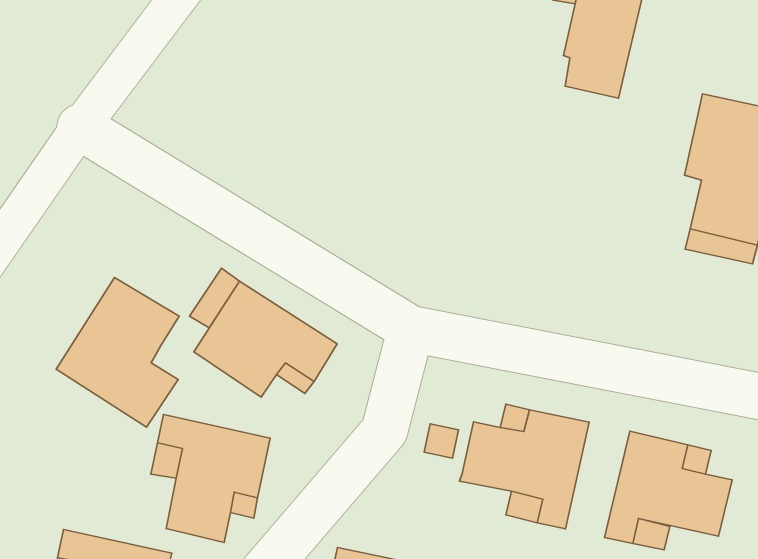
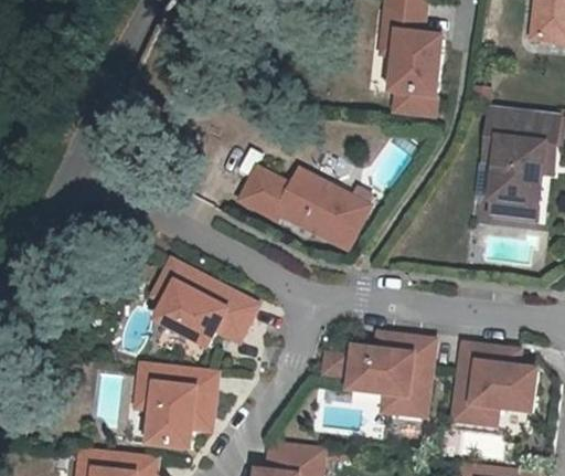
building: none -> [244,170,373,251]
building: [56,277,179,427] -> none

